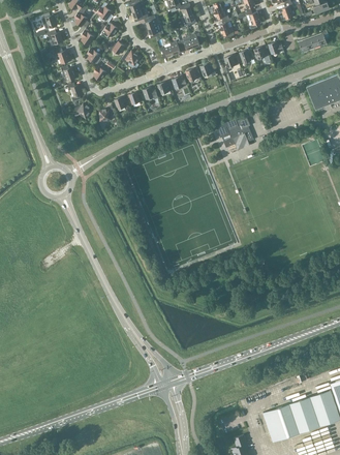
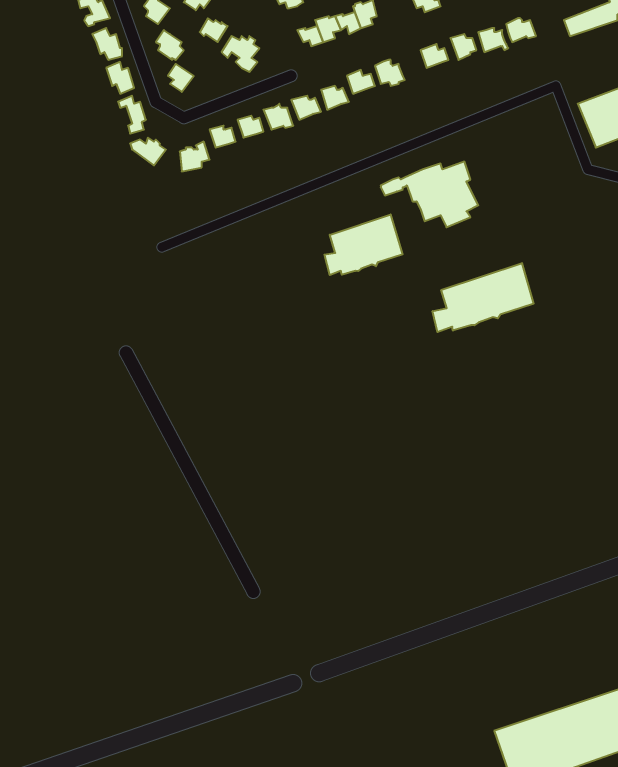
building: none -> [324,214,403,275]
building: none -> [433,263,534,332]

